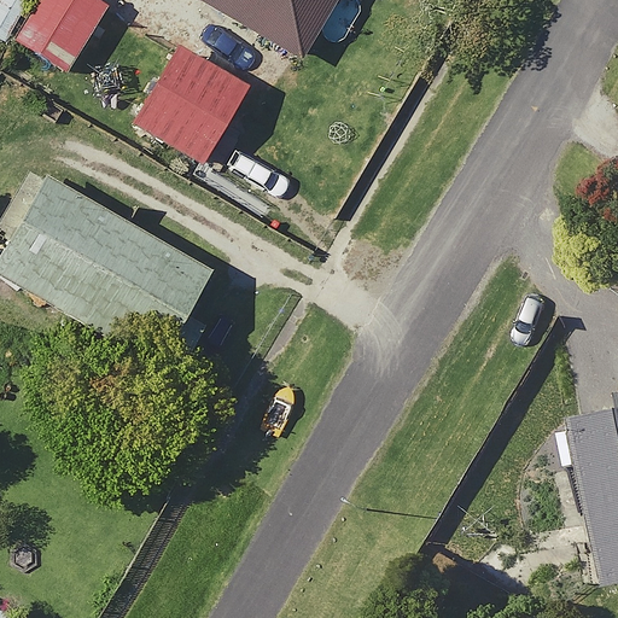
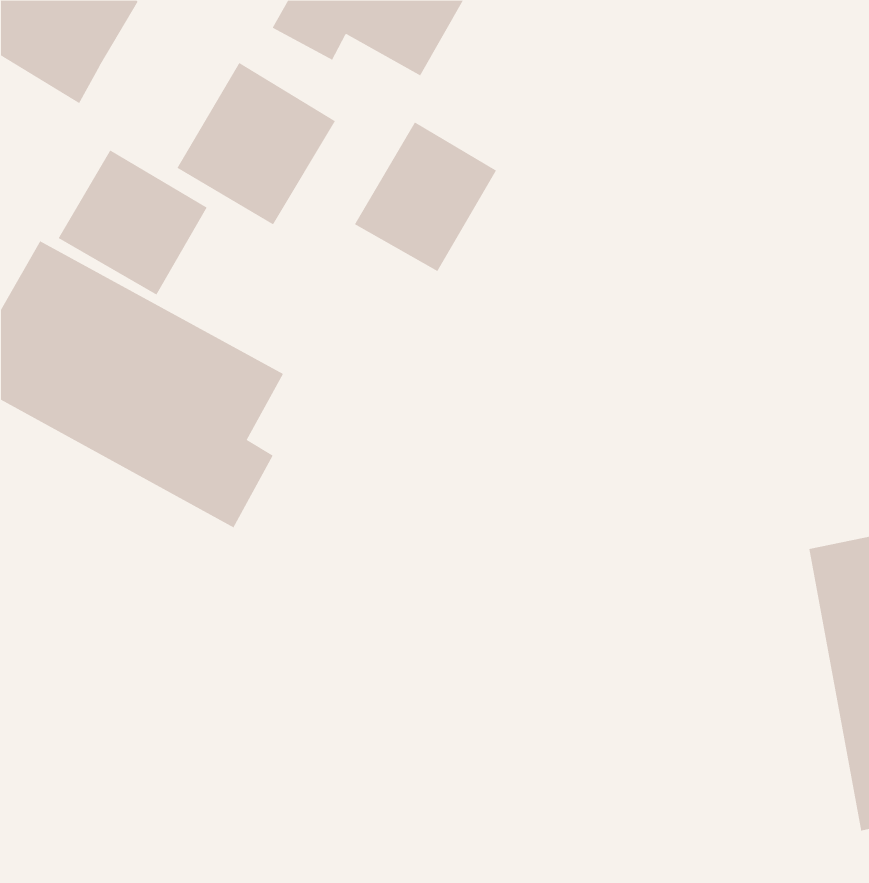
building: none -> [354,122,497,272]
building: none -> [58,150,208,295]

